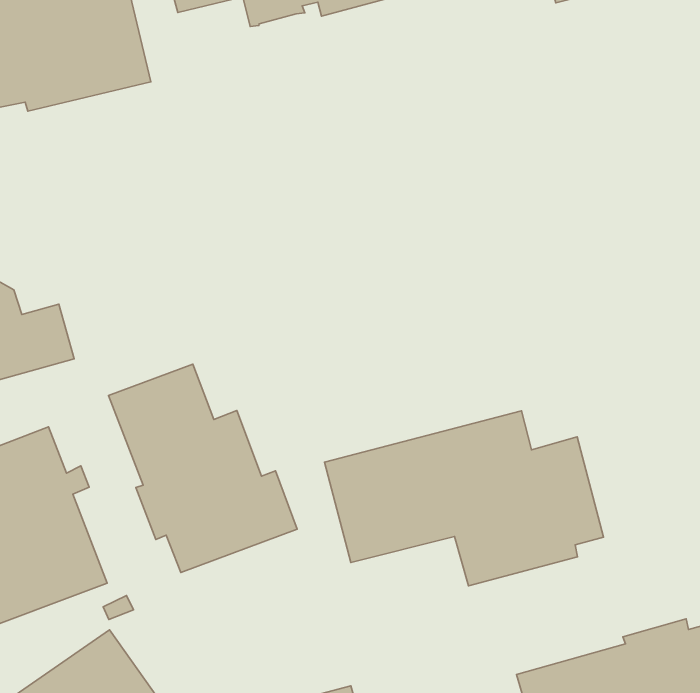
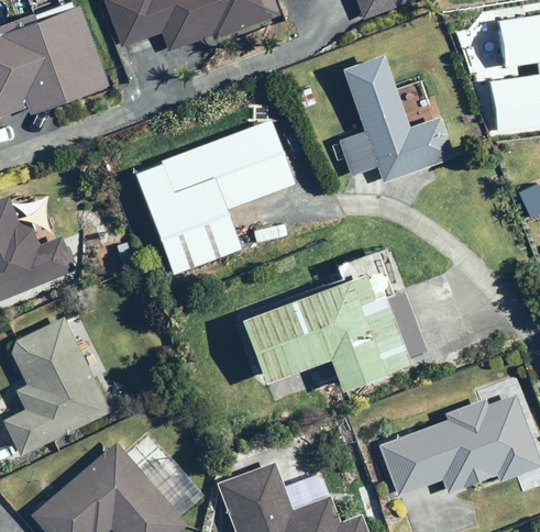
building: none -> [340,55,455,180]
building: none -> [137,123,297,275]
building: [108,364,297,573] -> none

